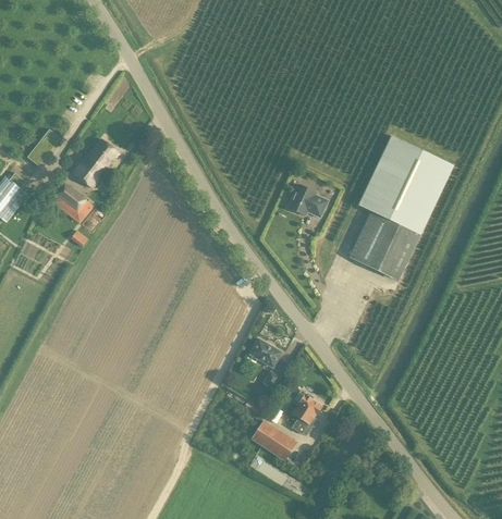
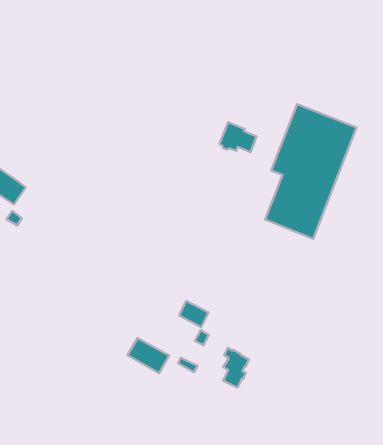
building: [73,139,119,188] -> none
building: [287,184,328,218] -> [219,122,257,152]
building: [253,421,297,460] -> [128,338,169,373]

